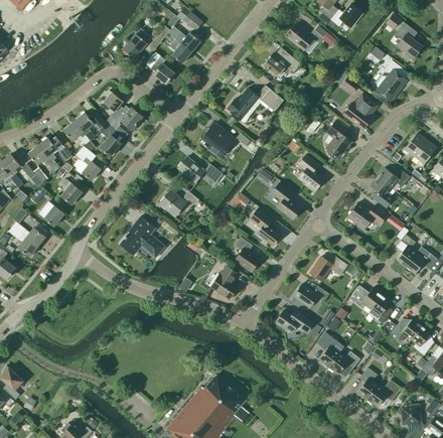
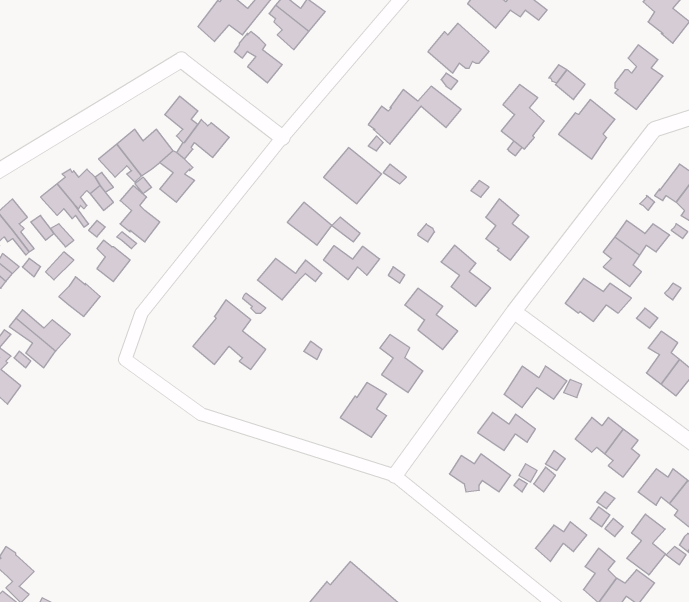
building: [325,120,351,159] -> [501,85,544,149]
building: none -> [324,246,380,280]
building: [318,334,343,367] -> none
building: none -> [627,514,665,575]

